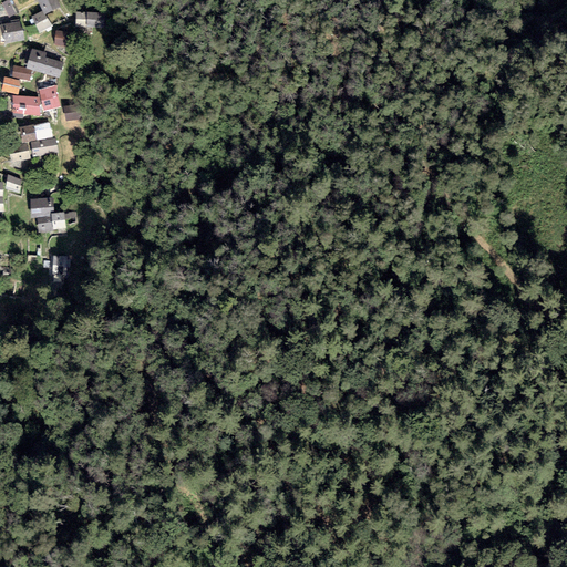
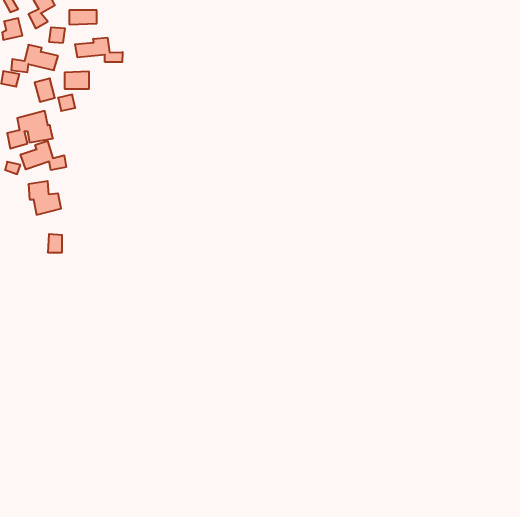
building: none -> [75,38,123,62]
building: [12,95,39,114] -> [65,72,89,89]
building: none -> [21,141,66,170]

